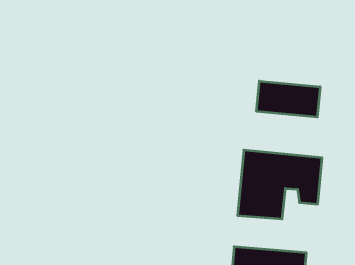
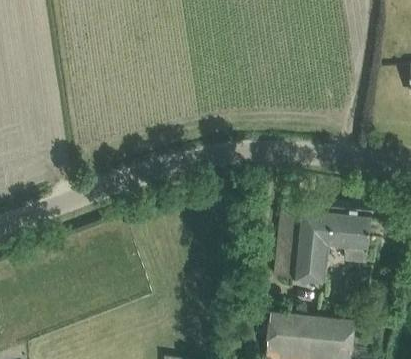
building: [257,81,320,117] -> none

